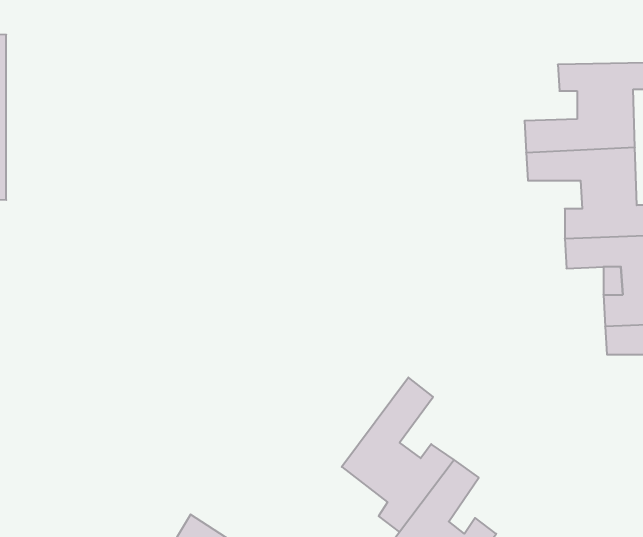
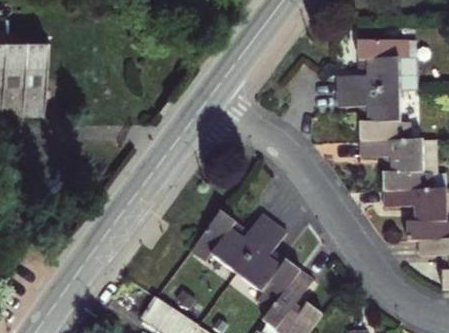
building: none -> [189,209,274,272]

